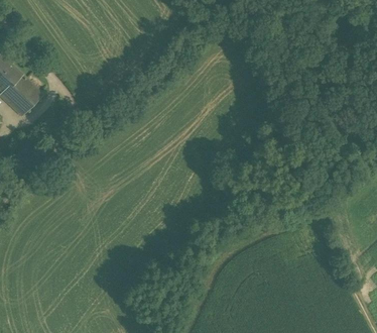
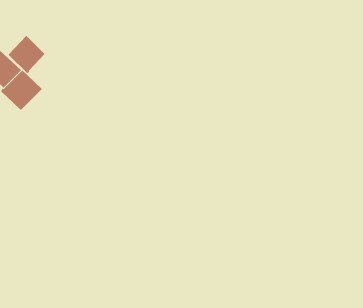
building: none -> [7,35,46,75]

